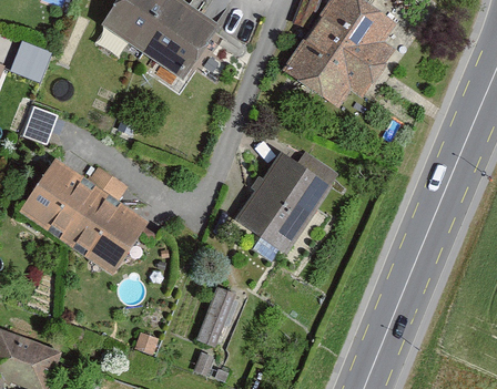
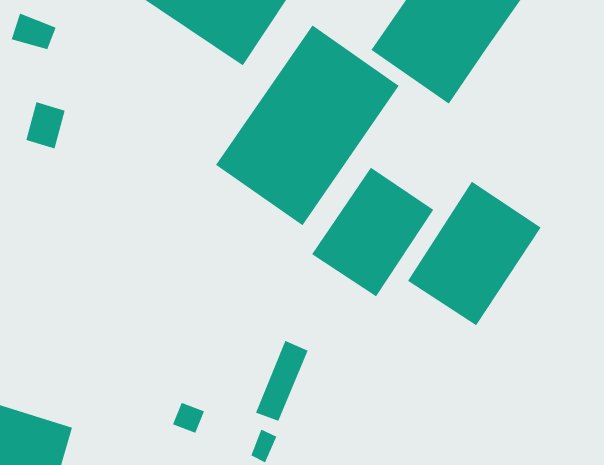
building: none -> [215,24,400,226]
building: [28,164,146,273] -> none
building: none -> [407,181,542,326]

